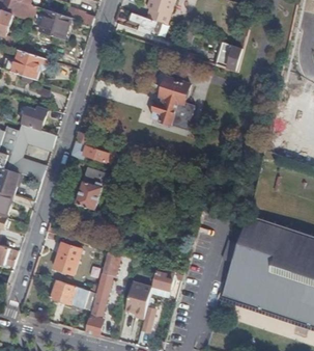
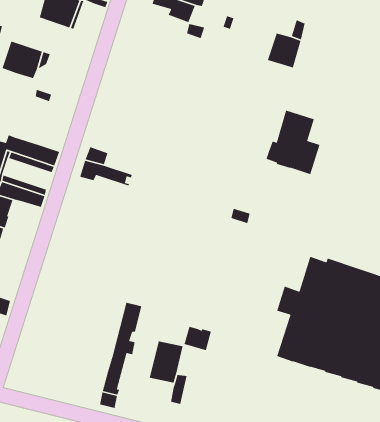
building: [150,79,193,130] -> [265,110,320,175]
building: [20,106,46,131] -> none
building: [75,167,105,210] -> none
building: [52,243,80,275] -> none
building: [50,280,95,308] -> none

